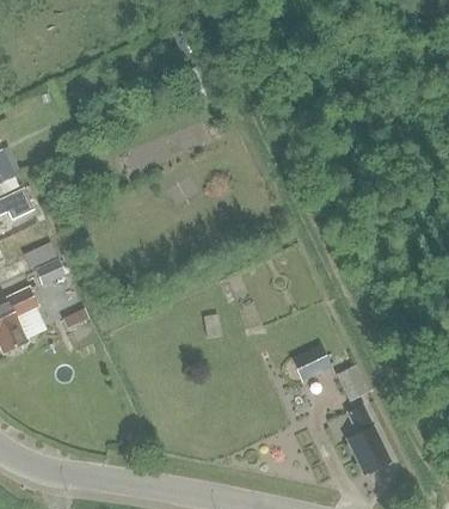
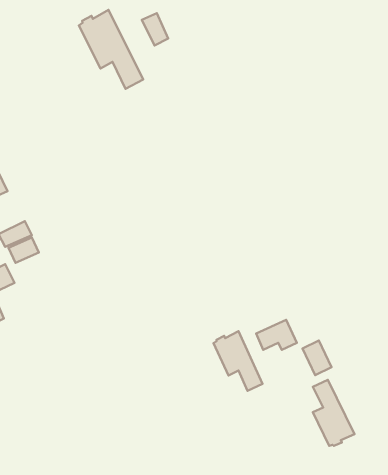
building: none -> [79,10,143,89]
building: none -> [213,331,262,391]

